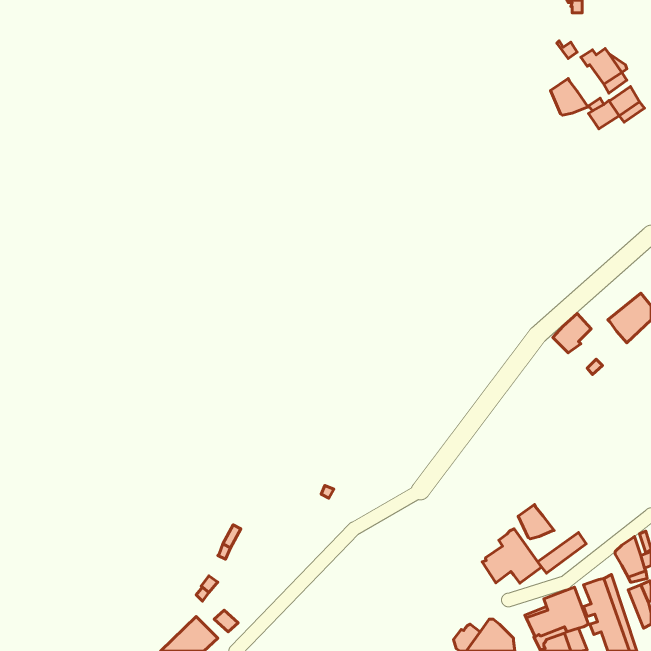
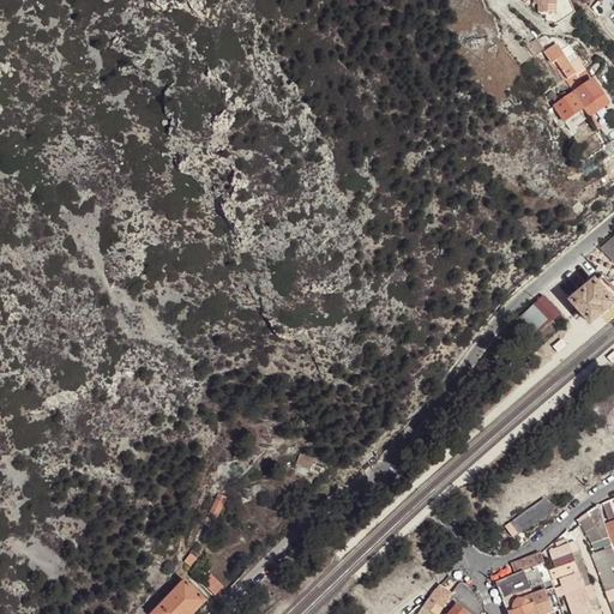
building: [550,79,588,115] -> none
building: [518,504,554,539] -> none
building: [482,529,542,583] -> none

